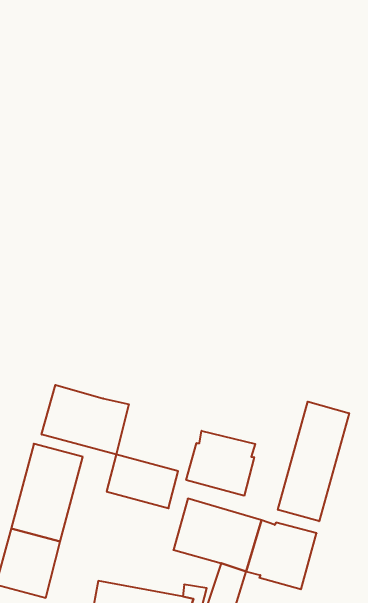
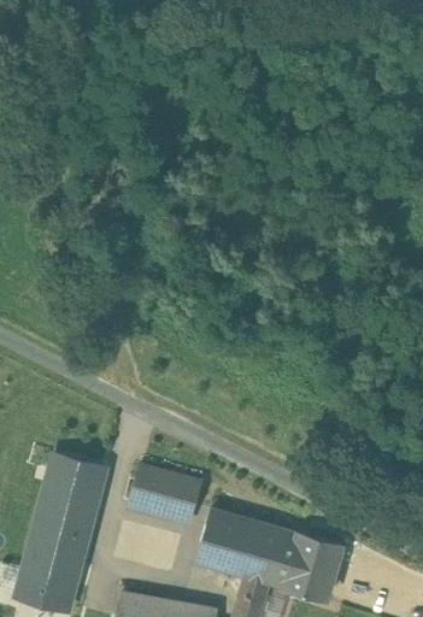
building: [42,385,129,454] -> none
building: [278,402,349,521] -> none
building: [186,431,255,496] -> none

